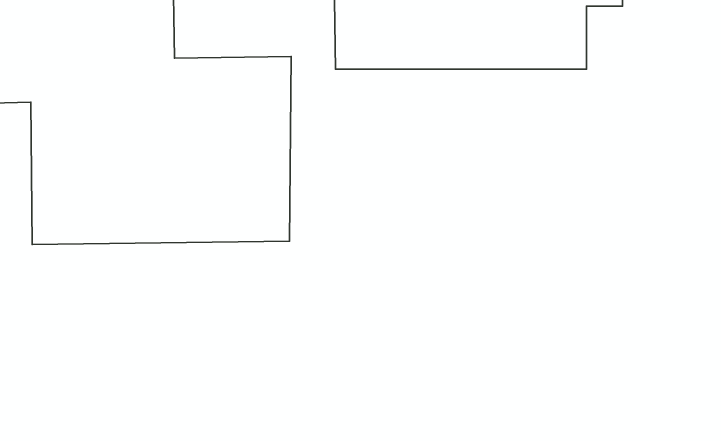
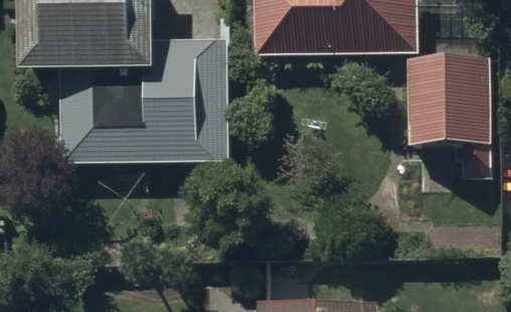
building: none -> [407,59,487,143]

